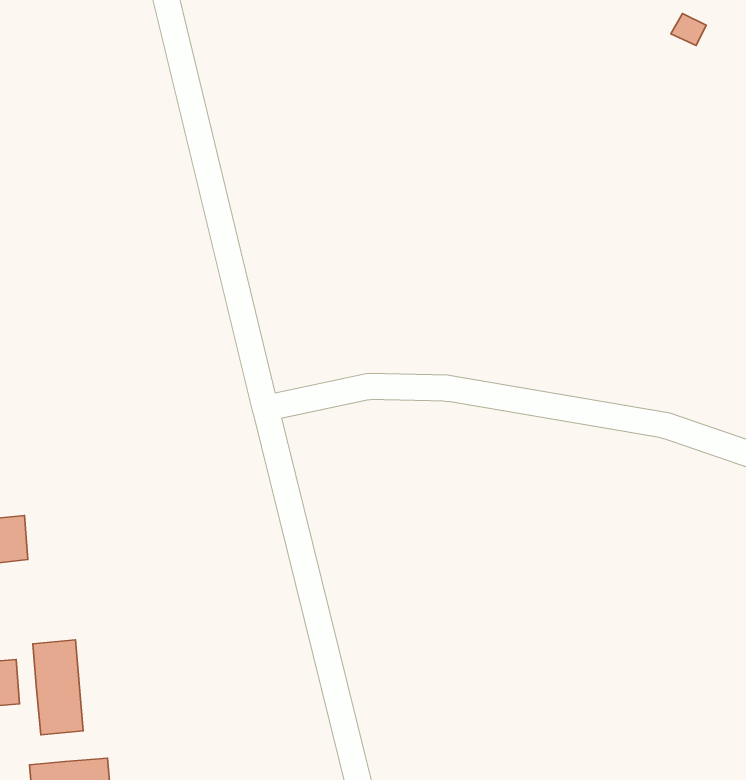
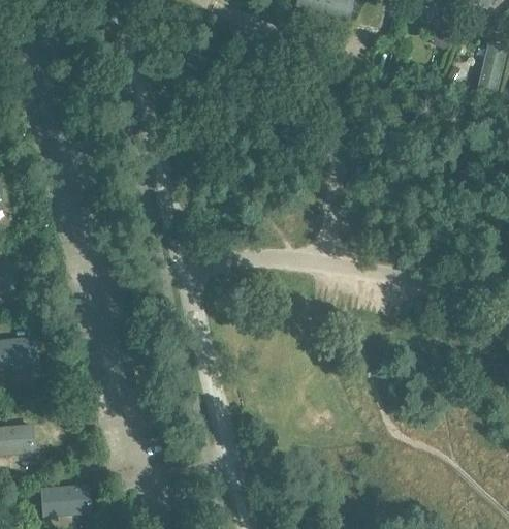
building: [33,640,83,735] -> none

